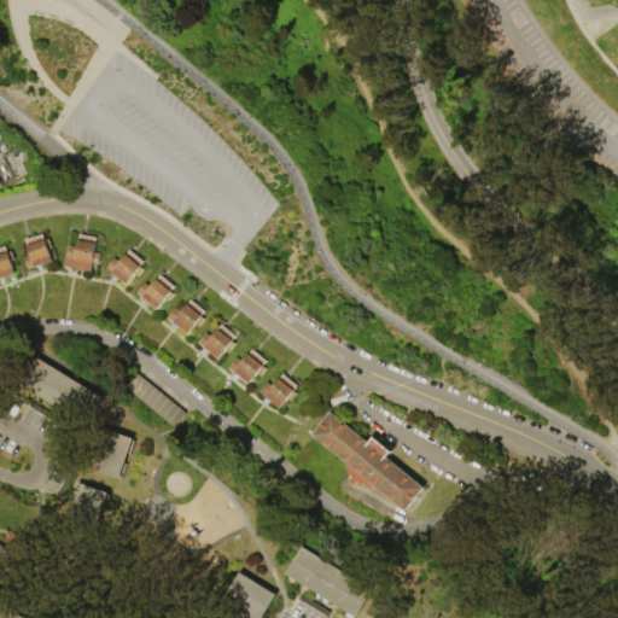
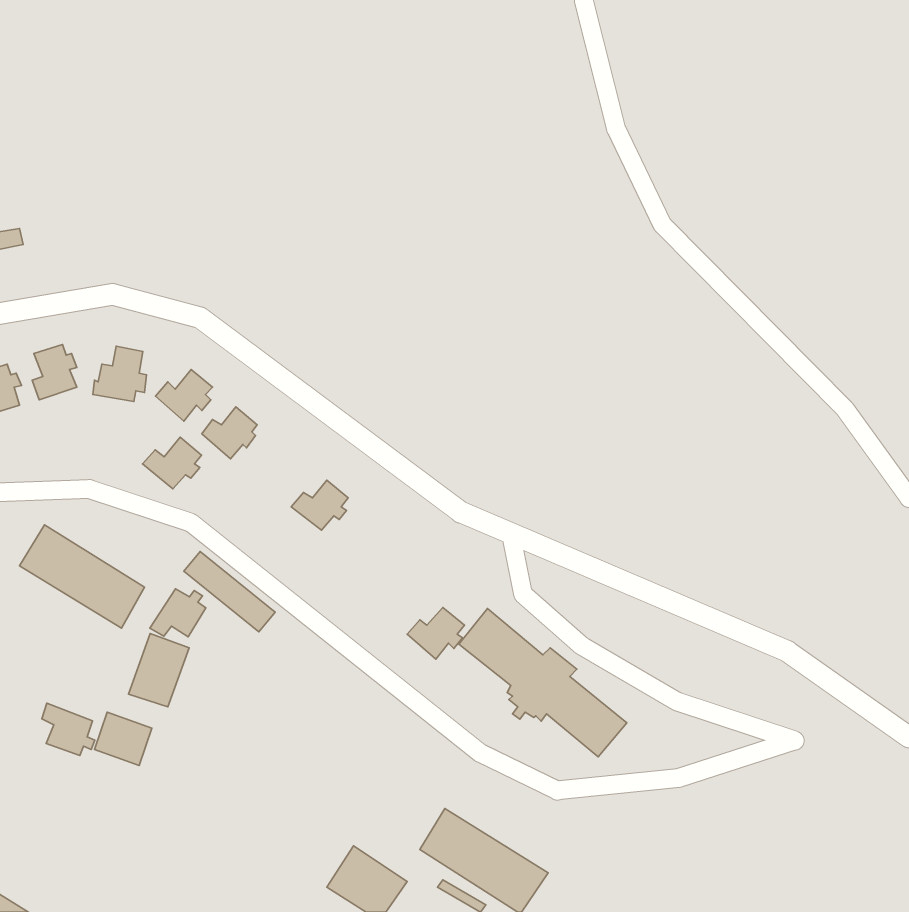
building: [165,299,205,334] -> [143,437,202,489]
building: [227,349,266,385] -> none
building: [258,374,297,409] -> [407,607,464,659]
building: none -> [150,589,206,637]
building: none -> [42,703,95,755]

